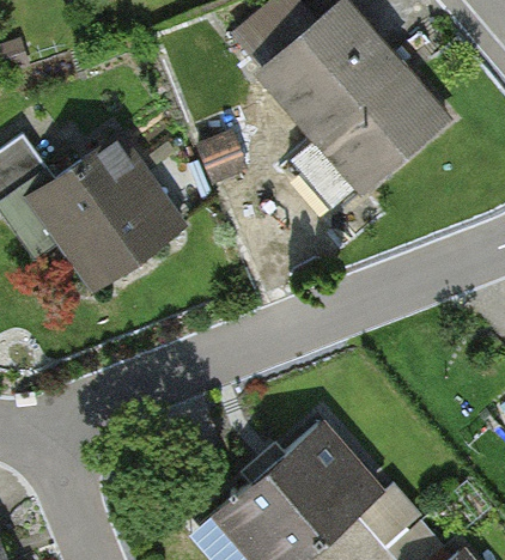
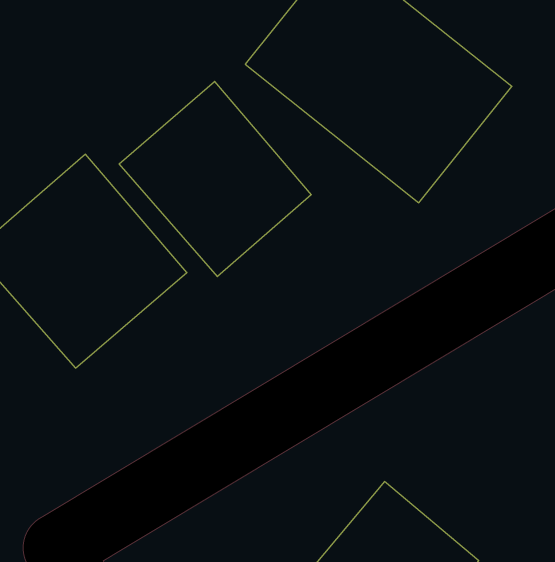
building: none -> [119,81,311,277]

